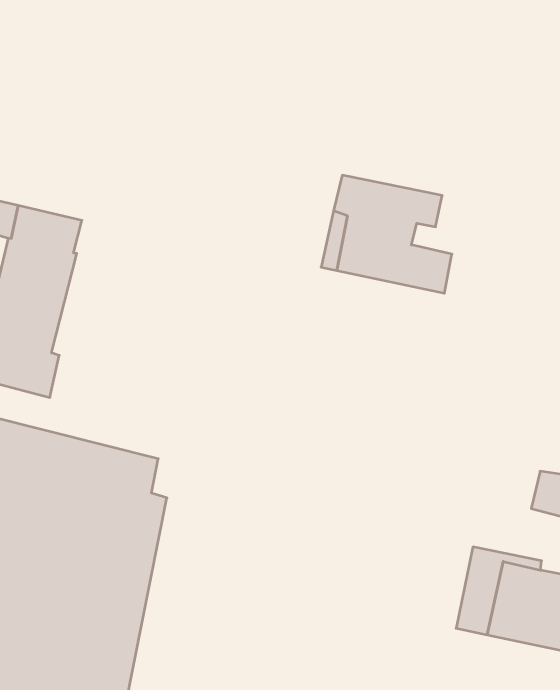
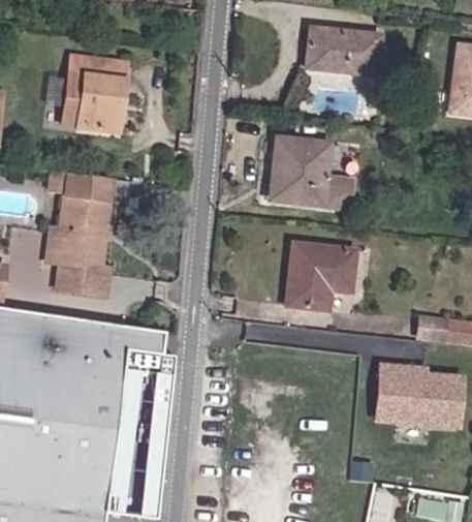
building: none -> [66,56,122,133]
building: none -> [308,31,380,78]
building: none -> [285,244,353,308]

